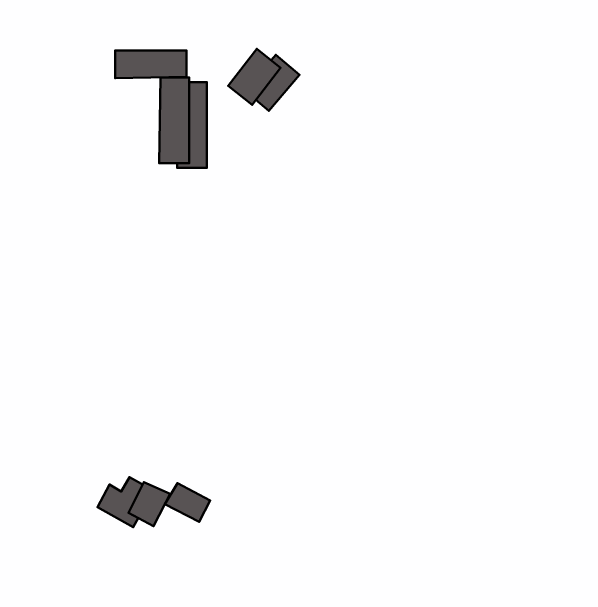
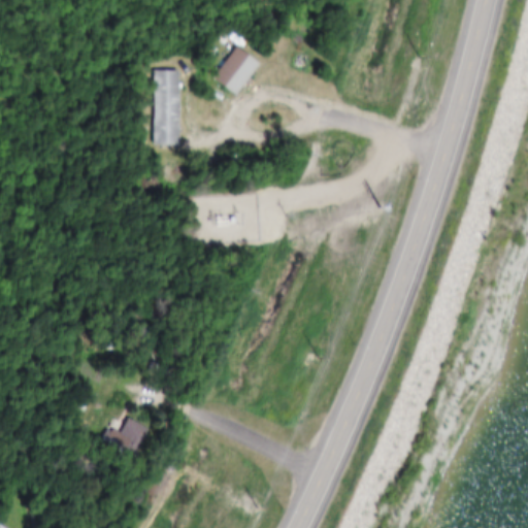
building: [115,51,187,78] -> none
building: [165,483,210,522] -> none

